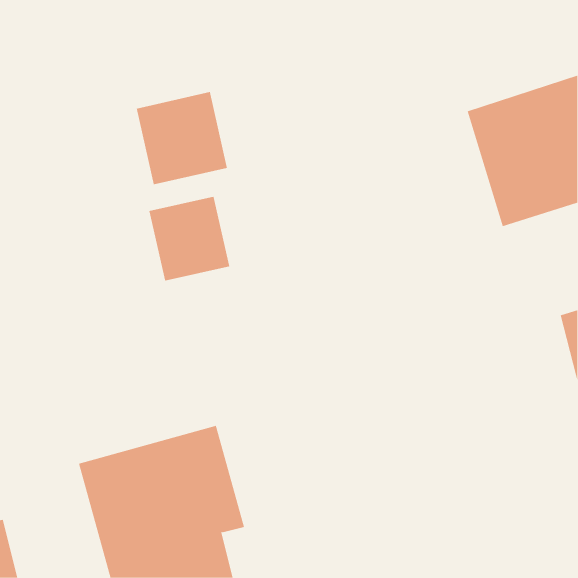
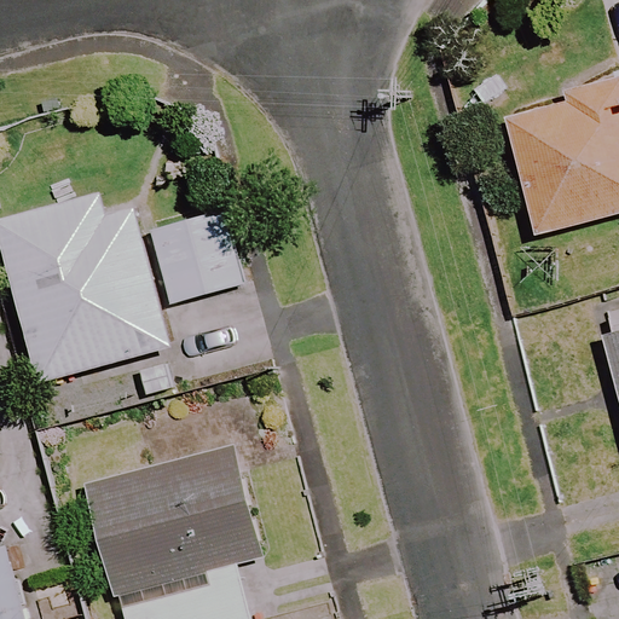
building: [136,91,228,185] -> none
building: none -> [6,187,178,376]

